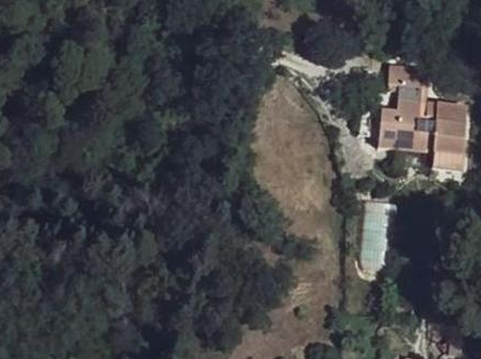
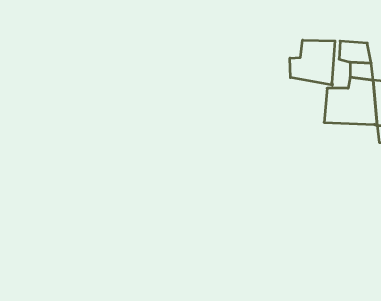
building: none -> [290,40,335,85]

